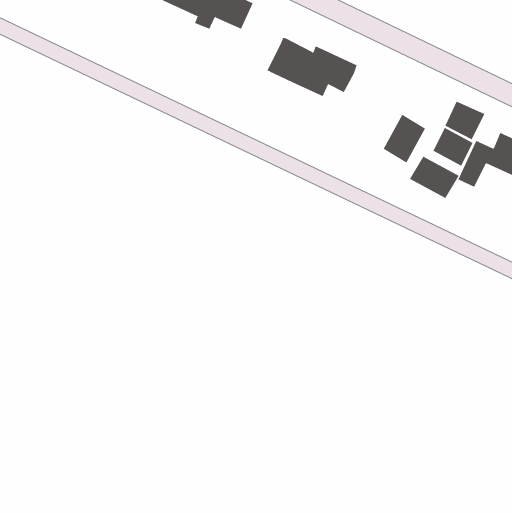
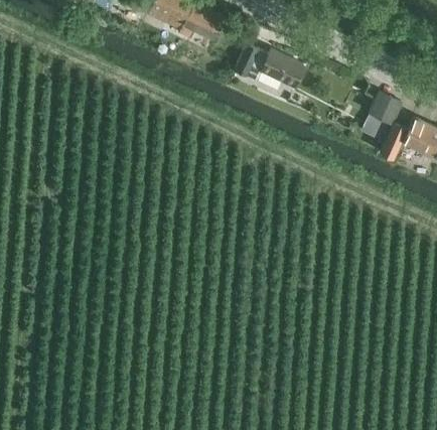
building: [383,114,426,163] -> none
building: [409,156,459,199] -> none

